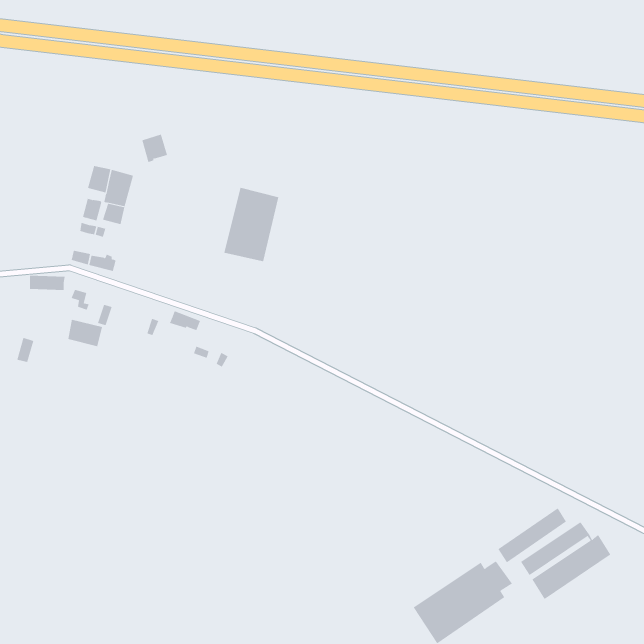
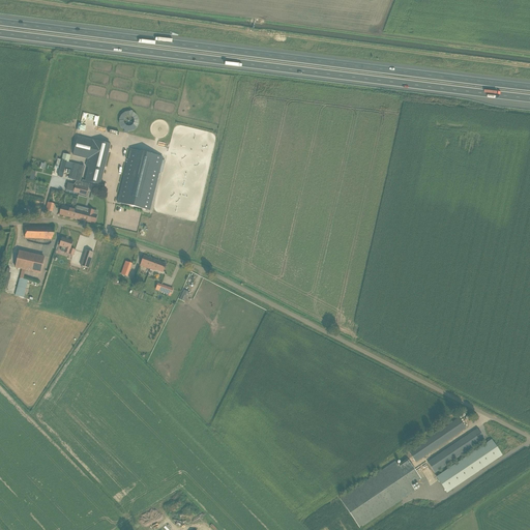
building: [224,187,279,262] -> [116,148,161,209]
building: [67,319,103,347] -> [14,249,43,272]

